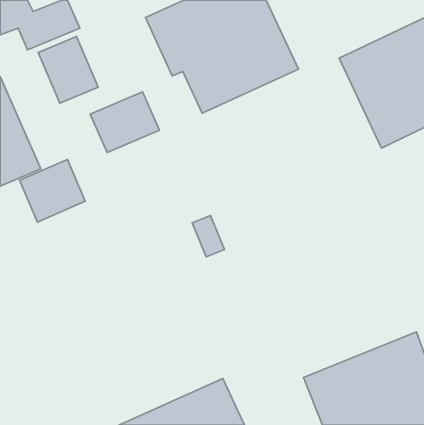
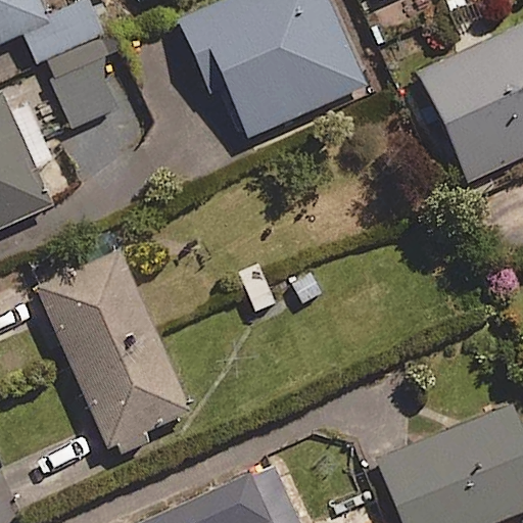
building: [90,92,159,153] -> none
building: [20,159,85,222] -> none
building: none -> [34,248,191,455]

